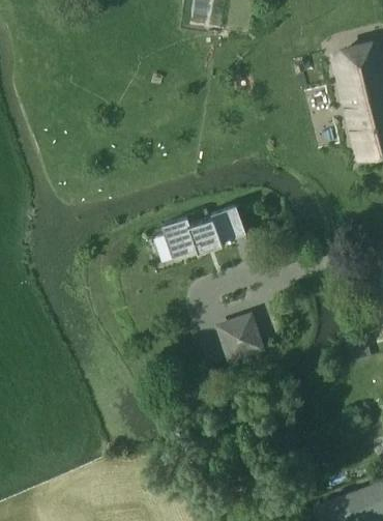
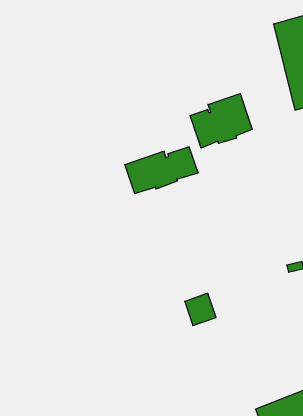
building: none -> [190,94,252,148]
building: [220,318,257,355] -> [185,293,216,326]

